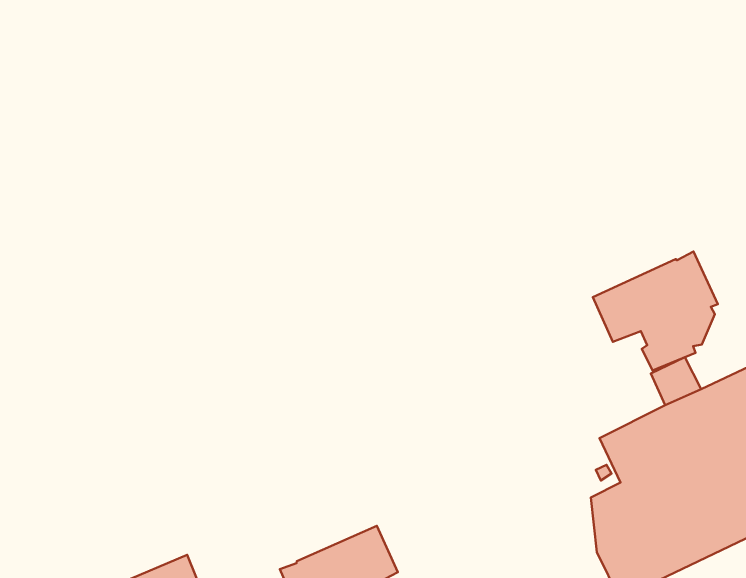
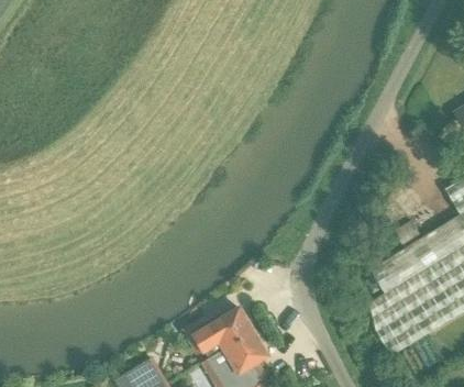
building: [593,252,718,371] -> none
building: none -> [186,307,254,355]

